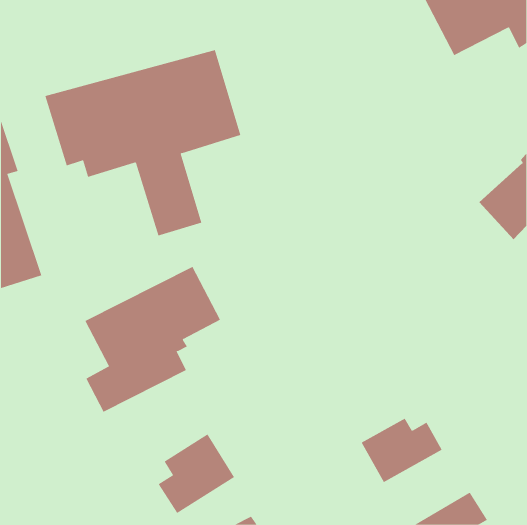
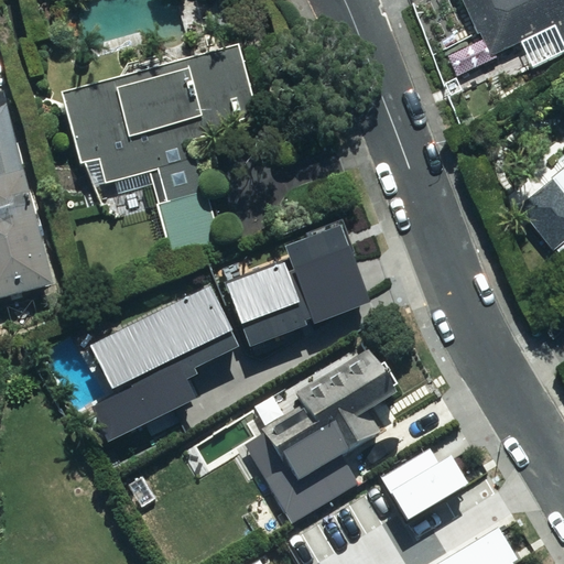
building: none -> [226,221,371,347]
building: none -> [251,340,401,512]
building: [158,433,235,514] -> none

